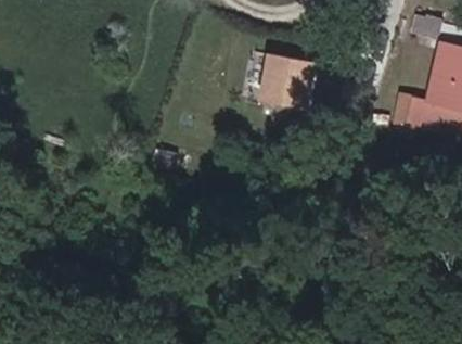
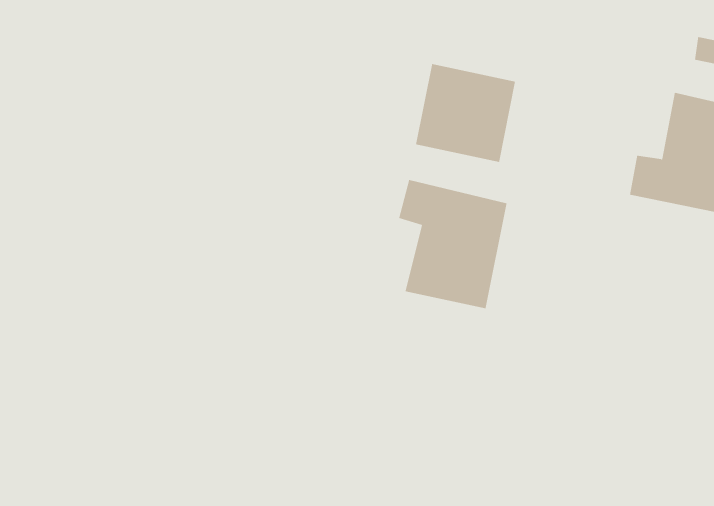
building: none -> [399,179,507,309]

